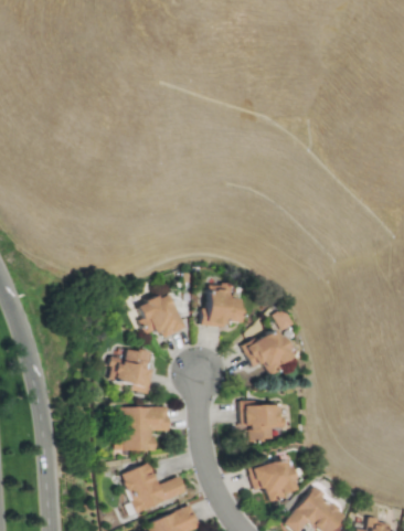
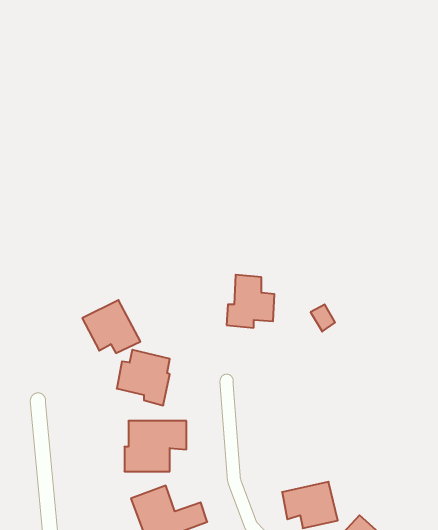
building: [136,293,185,338] -> [82,300,140,353]
building: [243,329,294,372] -> none
building: [241,403,283,442] -> none

